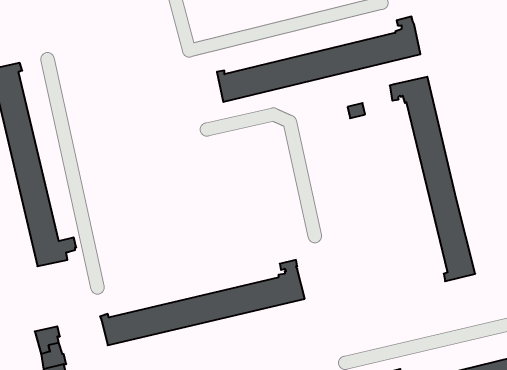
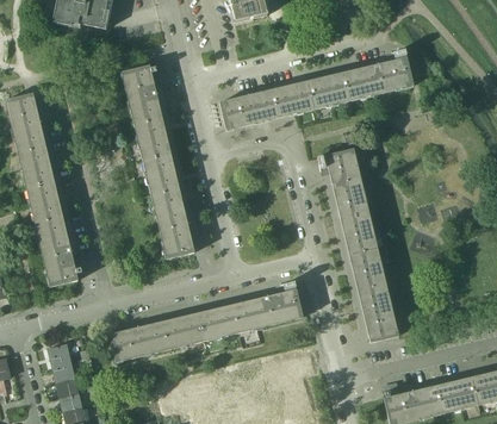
building: none -> [122,64,195,258]
building: [390,77,475,281] -> [318,148,399,342]

